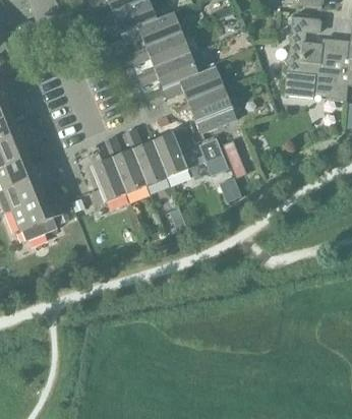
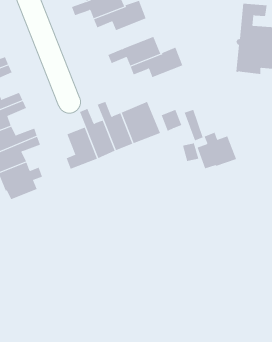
building: [129,34,190,68] -> none
building: [188,87,233,133] -> none
building: none -> [197,132,237,169]

